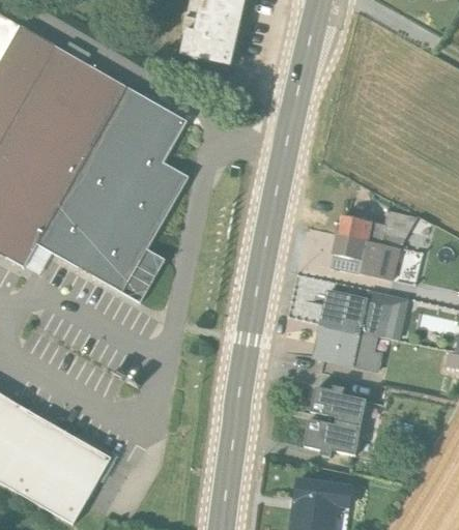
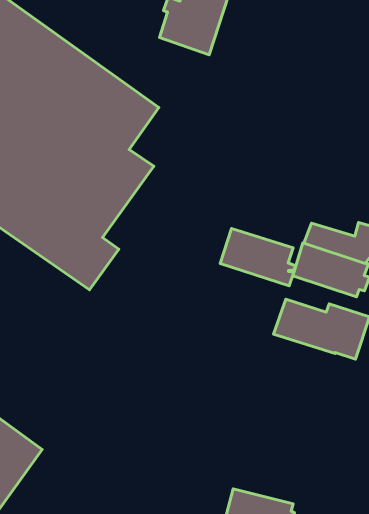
building: [311,325,382,374] -> [220,228,296,286]
building: [303,387,366,455] -> none

